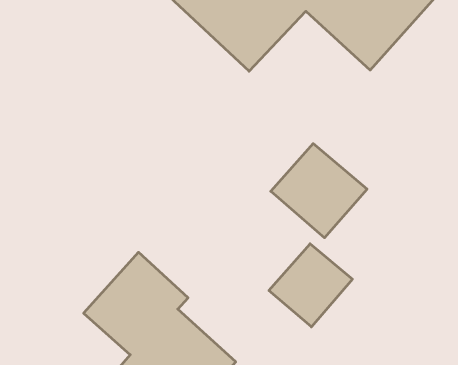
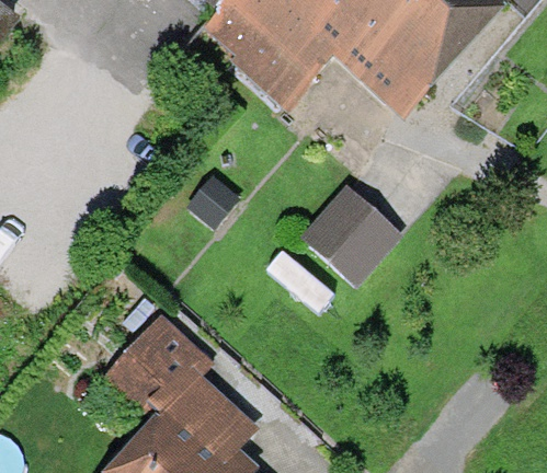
building: [269,244,352,327] -> none

